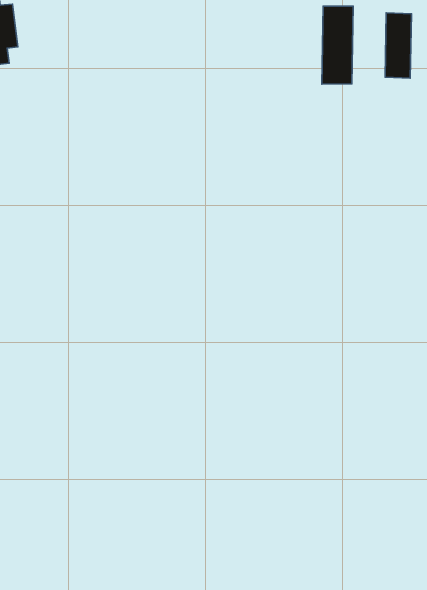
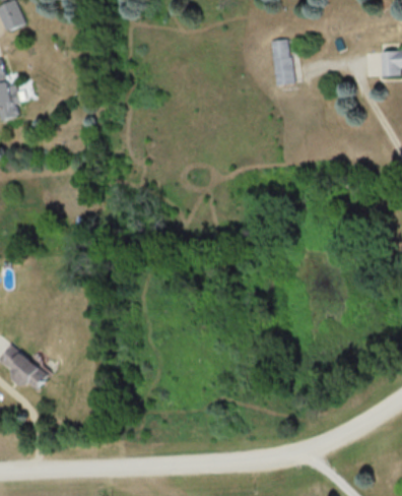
building: [322,6,353,84] -> none

